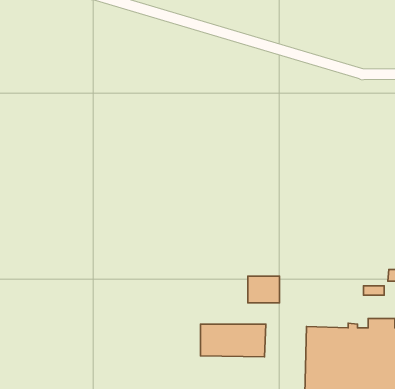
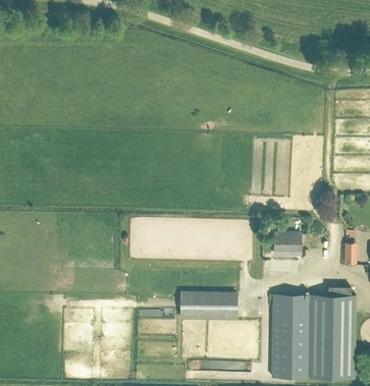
building: [248,276,279,303] -> [274,232,302,256]

